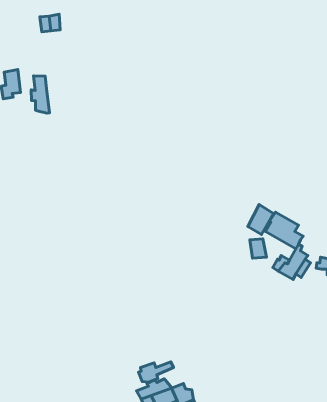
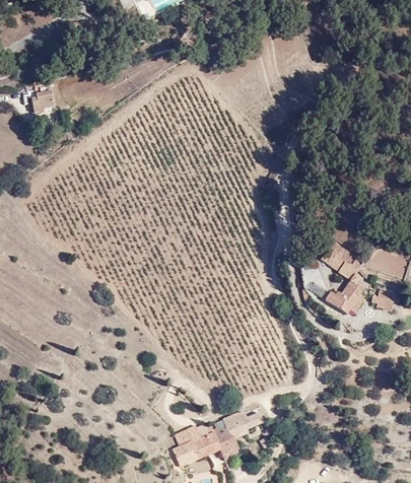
building: [31,76,49,113] -> none
building: [248,205,274,234] -> none
building: [138,362,173,382] -> [224,413,263,435]

